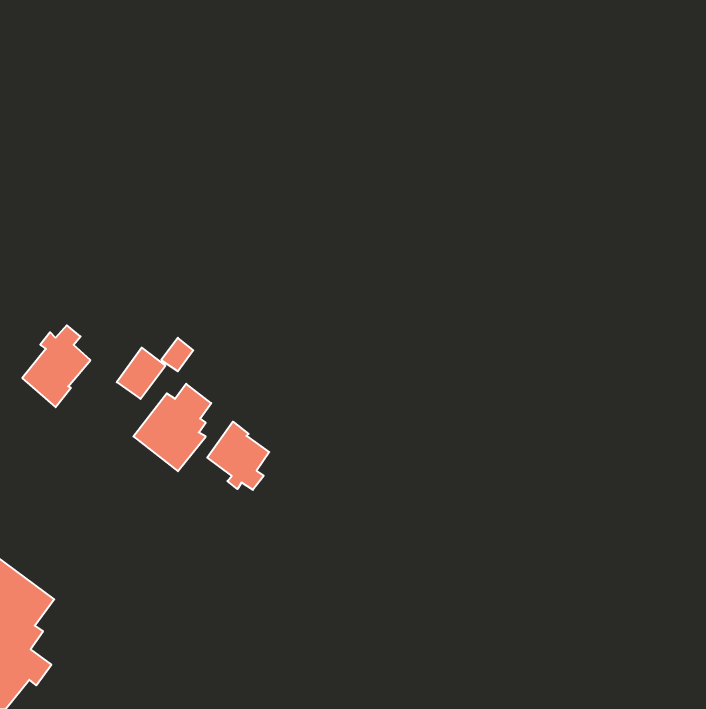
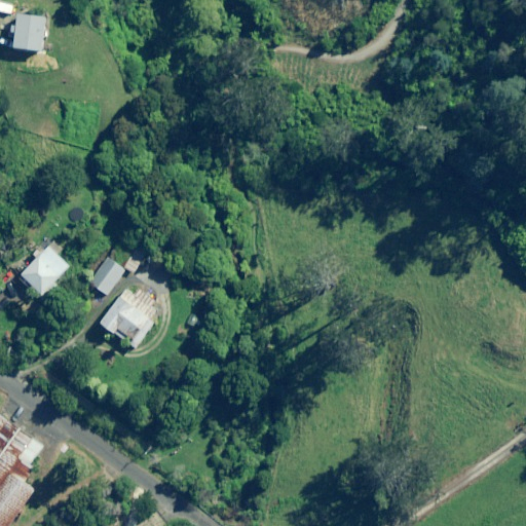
building: none -> [8,13,44,51]
building: [207,422,269,490] -> none

